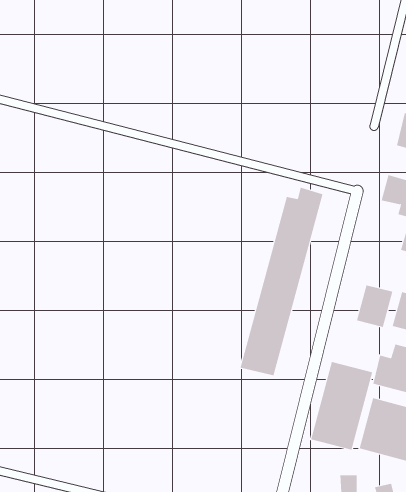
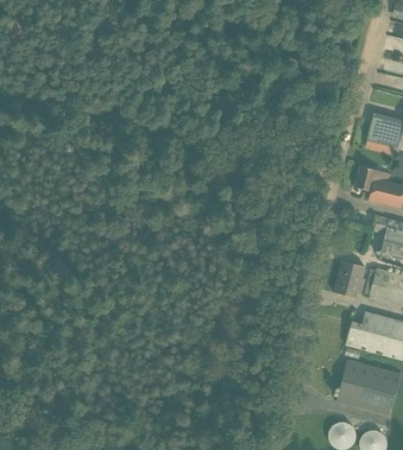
building: [240,187,323,376] -> none
building: [311,361,373,450] -> none

